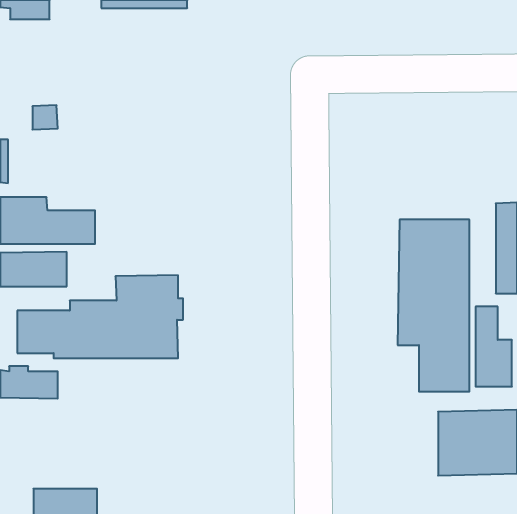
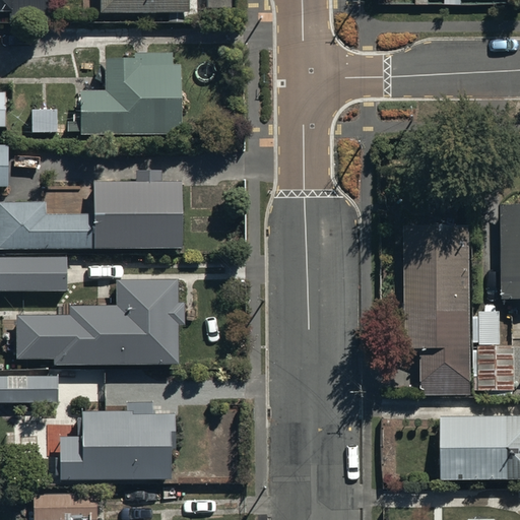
building: none -> [68,54,181,134]
building: none -> [94,170,181,248]
building: none -> [60,401,175,478]

